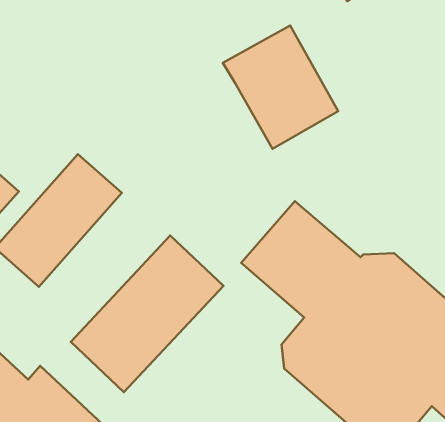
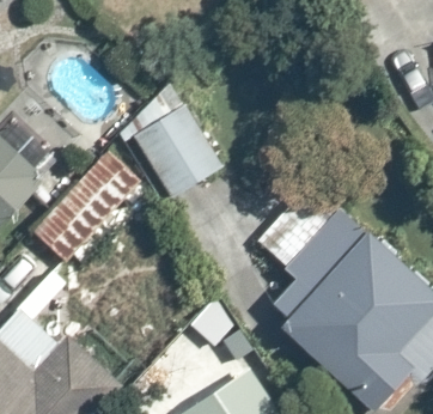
building: [223,25,338,149] -> [124,87,227,197]
building: [71,236,223,392] -> none

